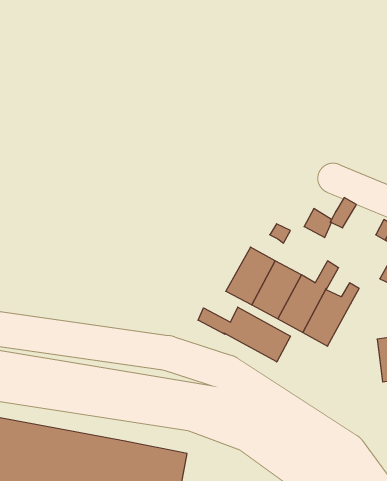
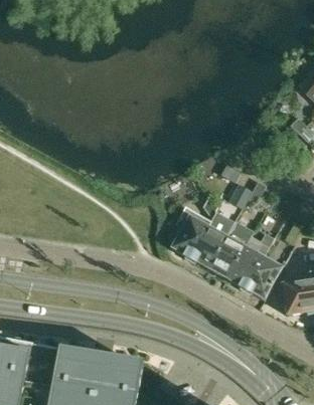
building: none -> [246,254,282,296]
building: [198,307,290,362] -> none

